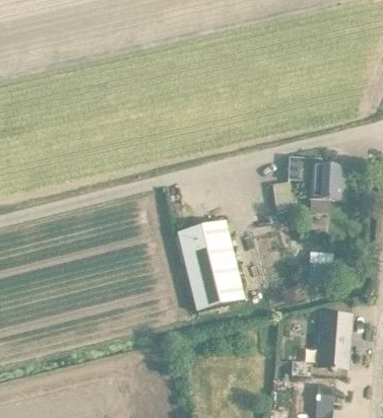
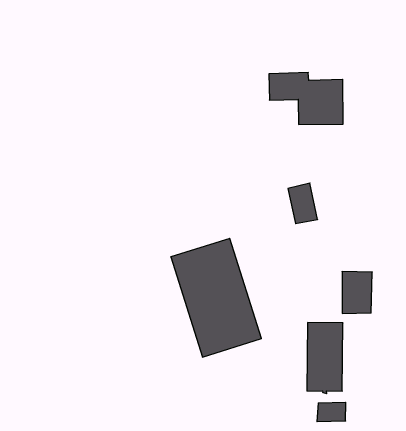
building: [289,157,346,200] -> [269,73,343,124]
building: [319,312,350,368] -> [307,323,343,394]

